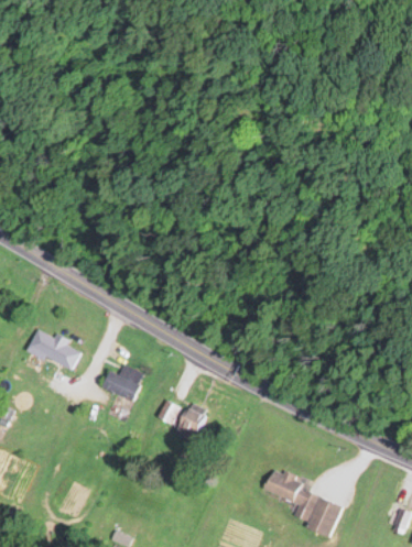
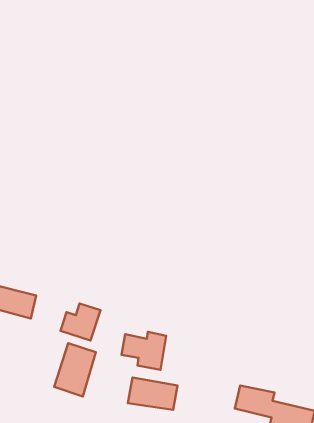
building: none -> [54,343,96,397]
building: none -> [128,378,177,410]

